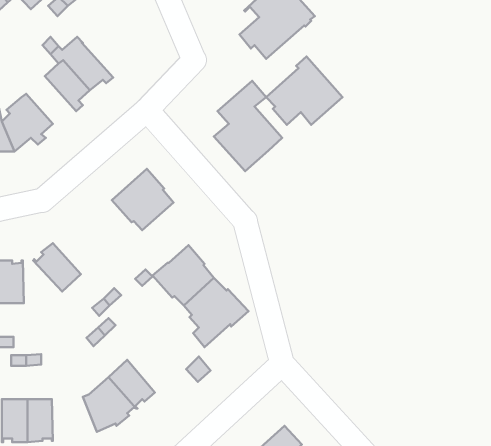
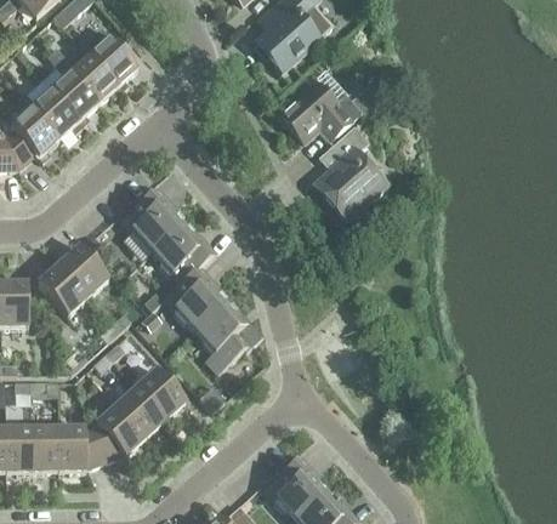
building: none -> [80,28,136,91]
building: none -> [16,90,81,139]
building: [214,81,282,171] -> [313,125,385,220]
building: none -> [150,222,215,285]
building: none -> [57,246,107,297]
building: none -> [135,369,184,421]
building: none -> [56,426,103,472]

